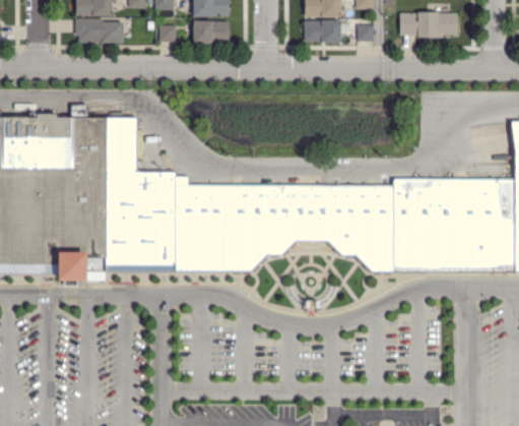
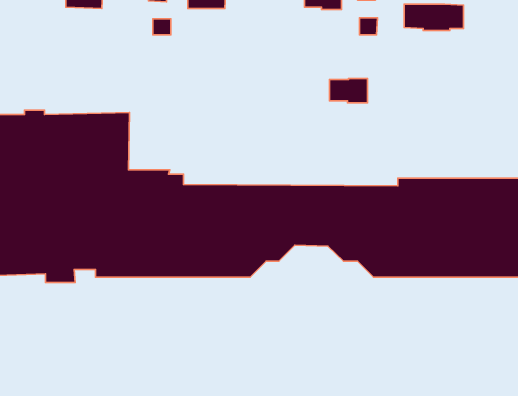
building: [75,17,123,43] -> none
building: [193,19,230,43] -> none
building: [304,19,340,43] -> [329,78,368,103]

